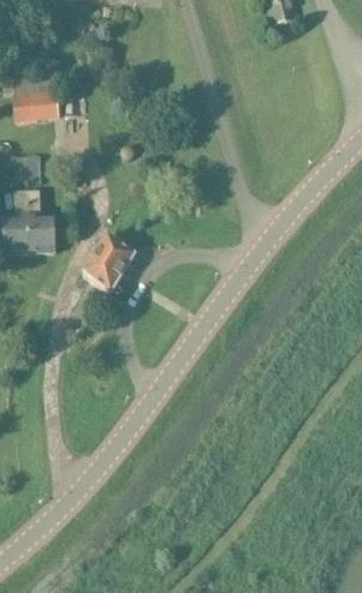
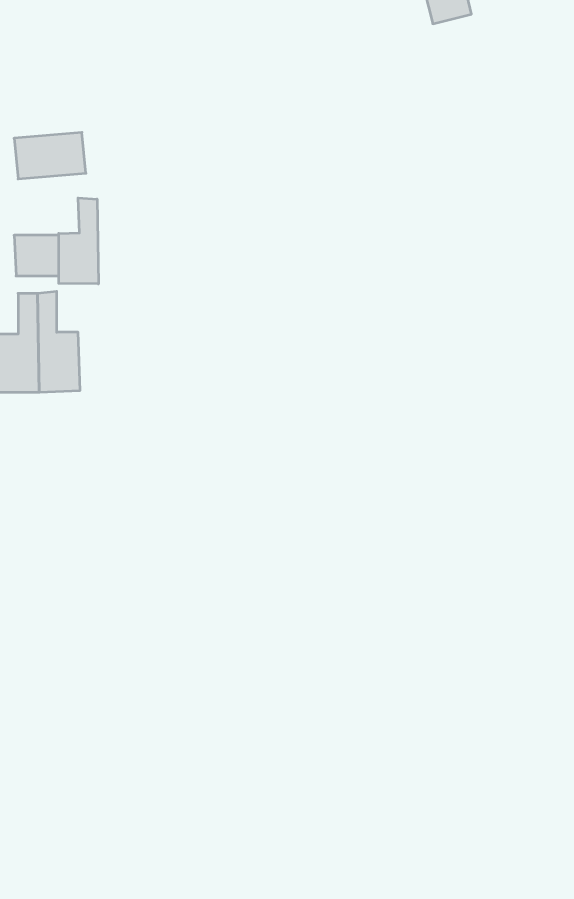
building: none -> [59,198,98,284]
building: [83,234,136,290] -> none

